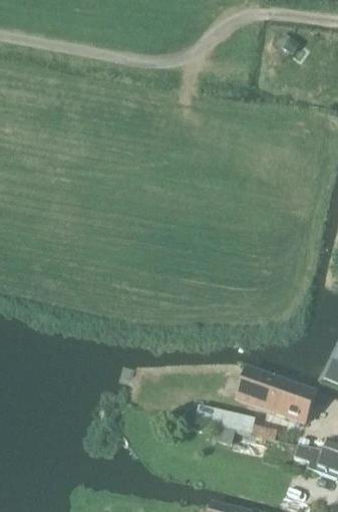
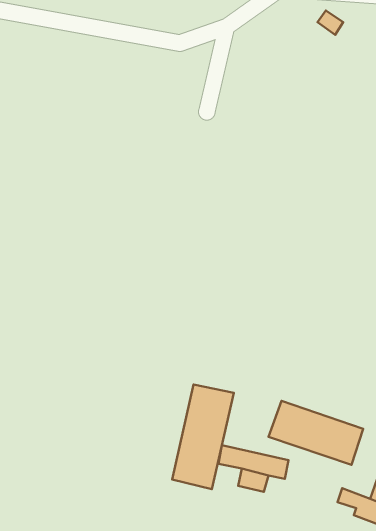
building: none -> [172,384,234,489]

